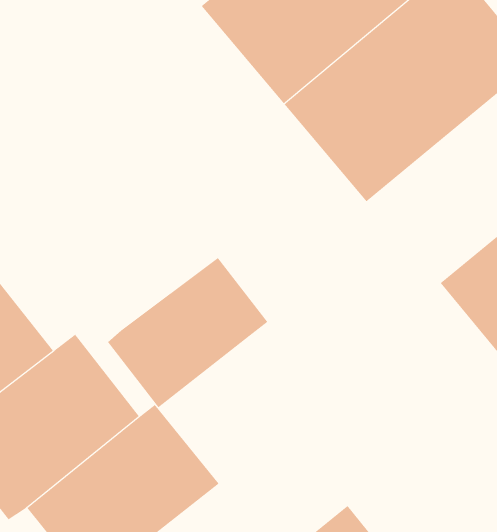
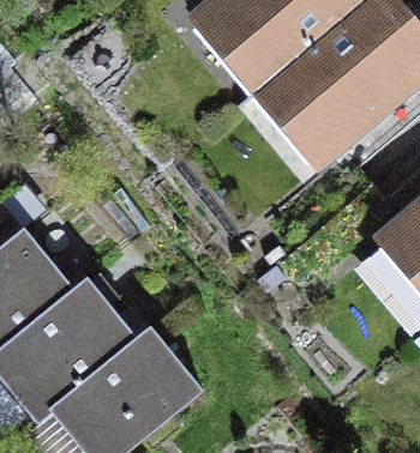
building: [107,257,268,408] -> none

